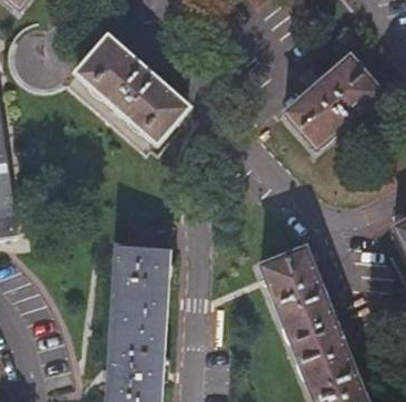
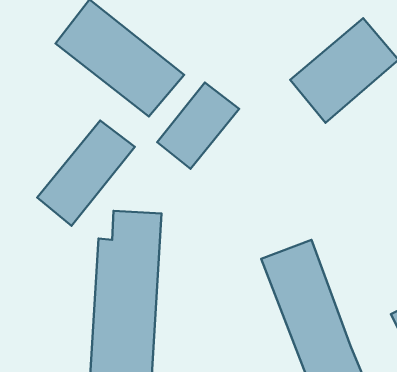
building: none -> [157,82,239,169]
building: none -> [37,121,135,226]

